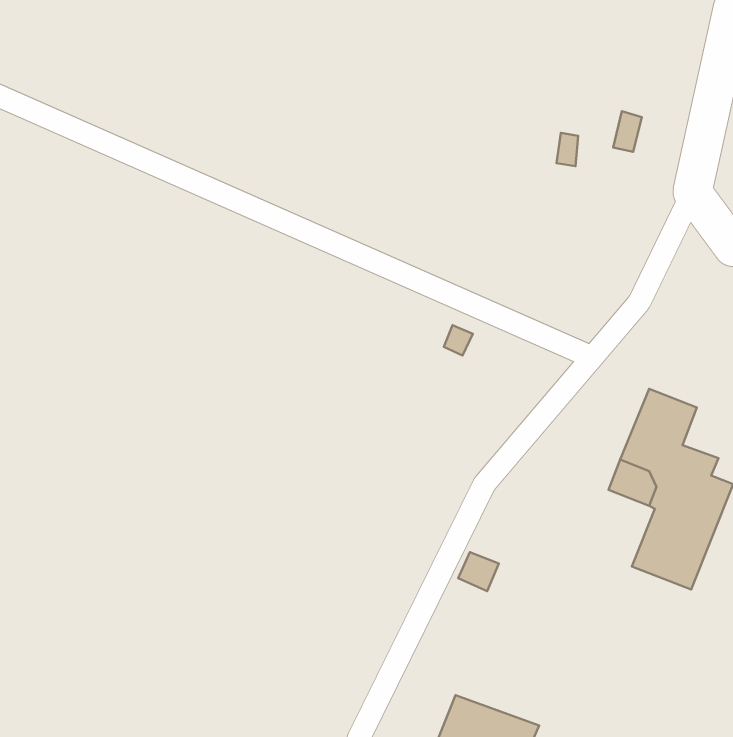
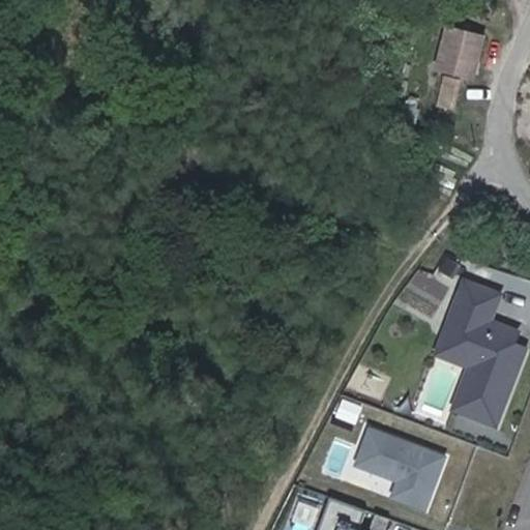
building: none -> [442,32,484,77]
building: none -> [353,429,443,510]

